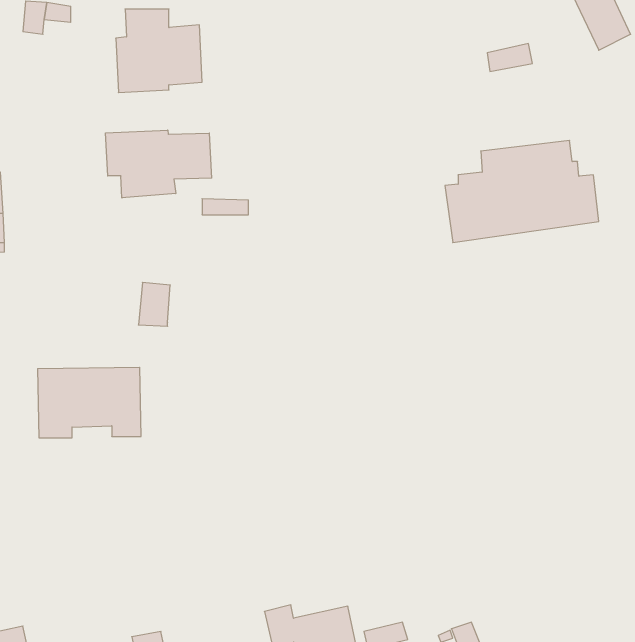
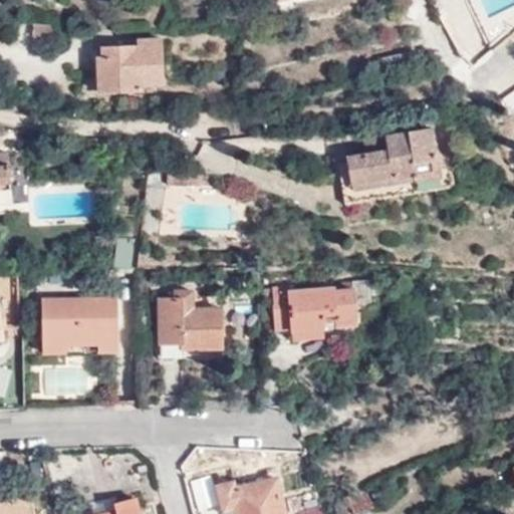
building: [106,130,212,198] -> none
building: none -> [276,279,369,337]
building: none -> [156,291,218,351]

